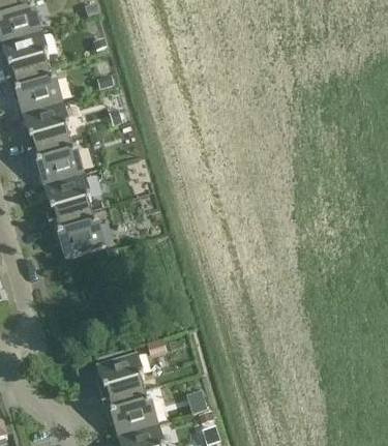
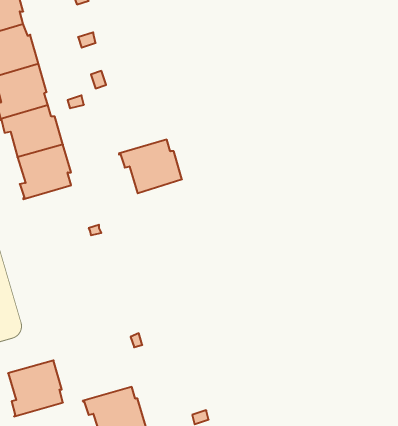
building: [48,208,103,256] -> [119,140,182,193]
building: [95,350,144,399] -> [8,360,63,416]

